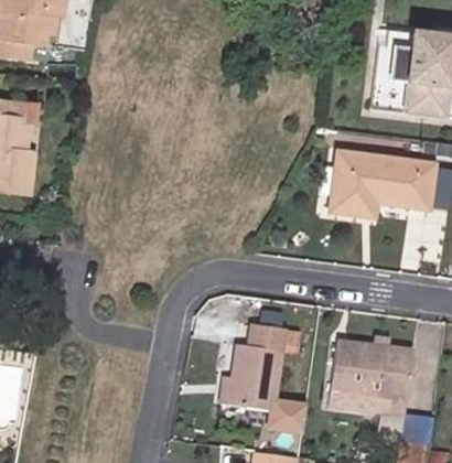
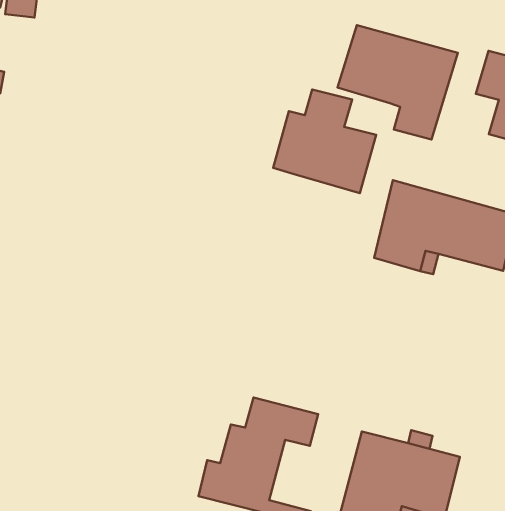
building: none -> [337,25,458,139]
building: none -> [273,90,376,193]

